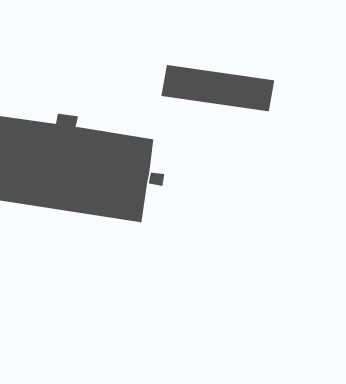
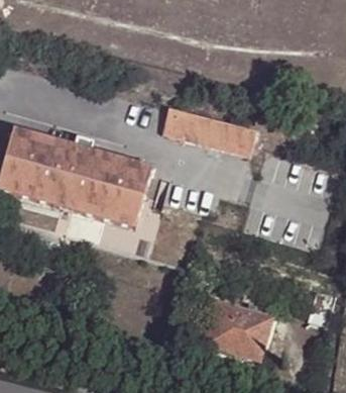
building: none -> [203,295,269,352]

